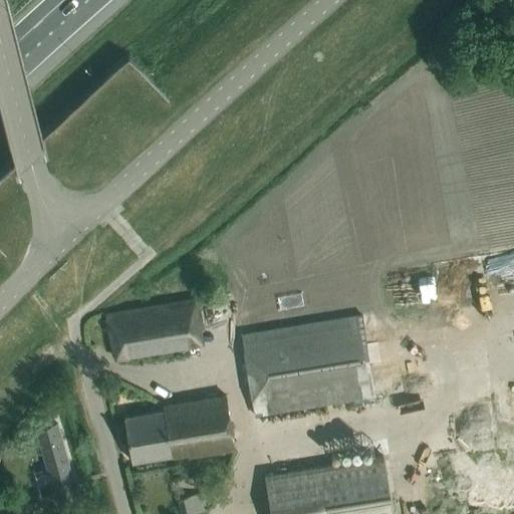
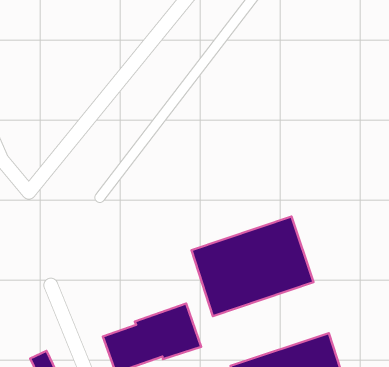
building: [105,301,205,360] -> none

